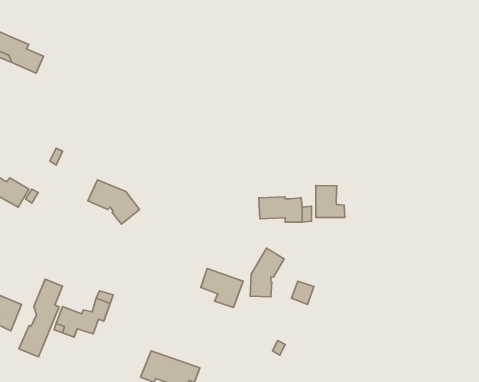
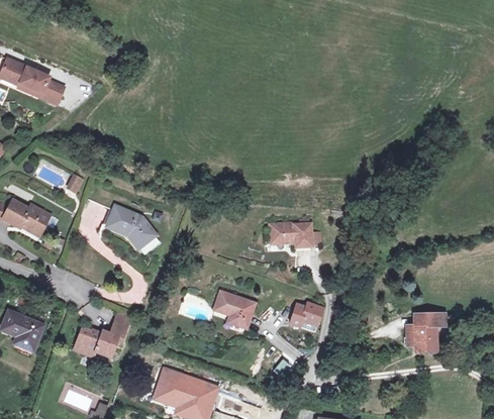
building: [316,185,345,218] -> none
building: [250,248,284,297] -> none
building: [19,279,63,357] -> none
building: none -> [406,313,444,351]

